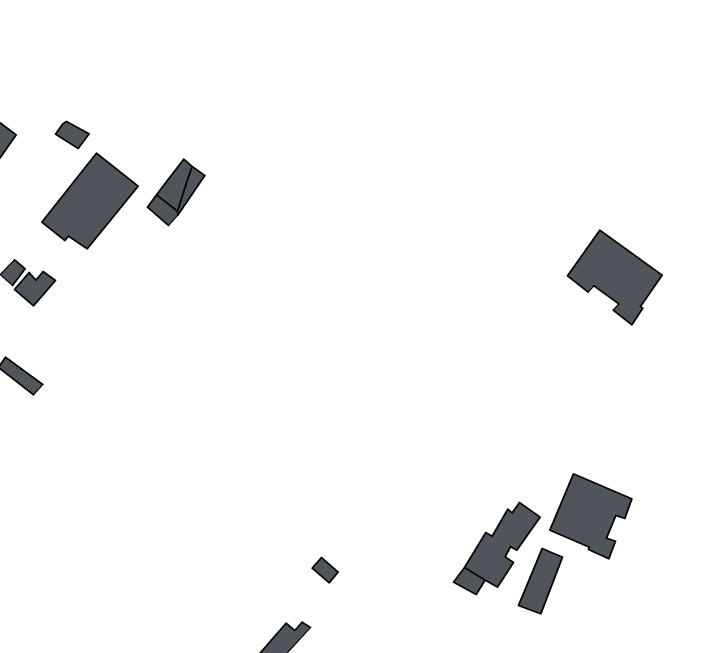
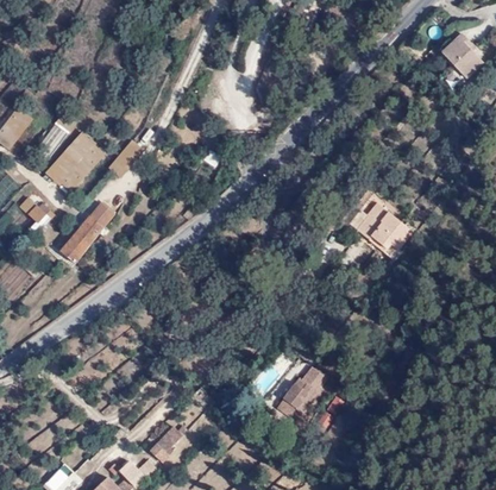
building: none -> [57,205,111,260]
building: [550,474,632,559] -> none

